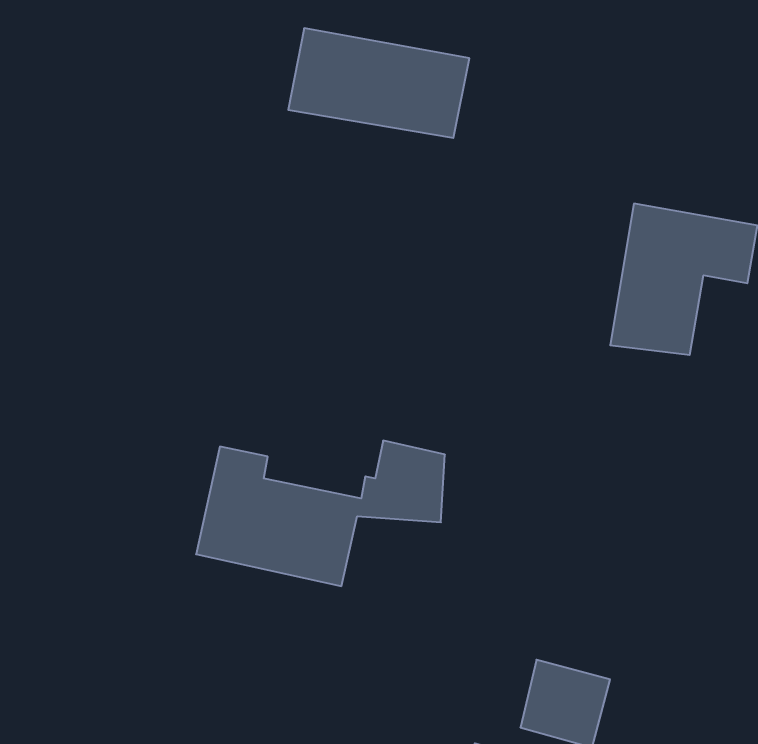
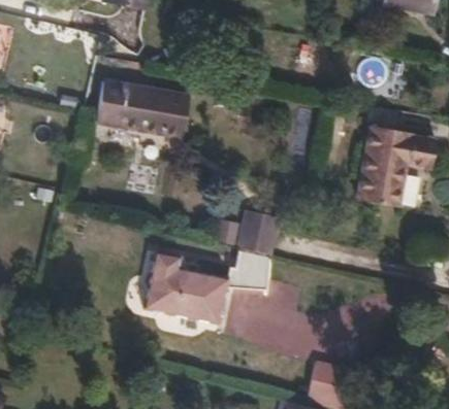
building: [288,28,469,138] -> [95,79,189,136]
building: none -> [239,208,278,255]

